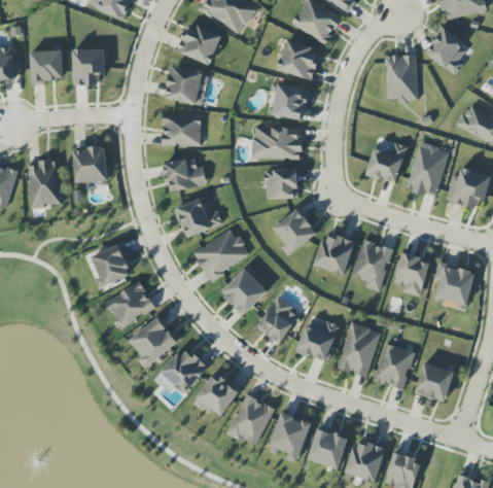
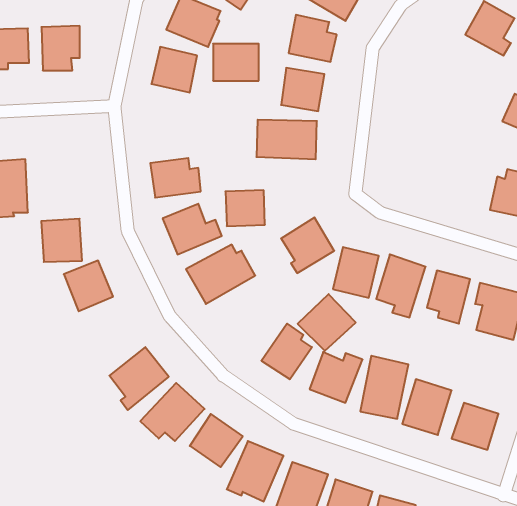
building: [384,55,418,102] -> none
building: [162,114,200,145] -> [213,44,259,81]
building: [365,142,407,183] -> none
building: [404,142,448,198] -> none
building: [73,147,107,183] -> [41,219,82,262]
building: [265,169,297,199] -> [225,190,265,226]
building: [219,268,268,315] -> [298,294,356,351]
building: [105,282,153,326] -> none

